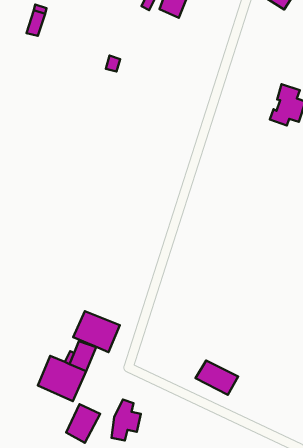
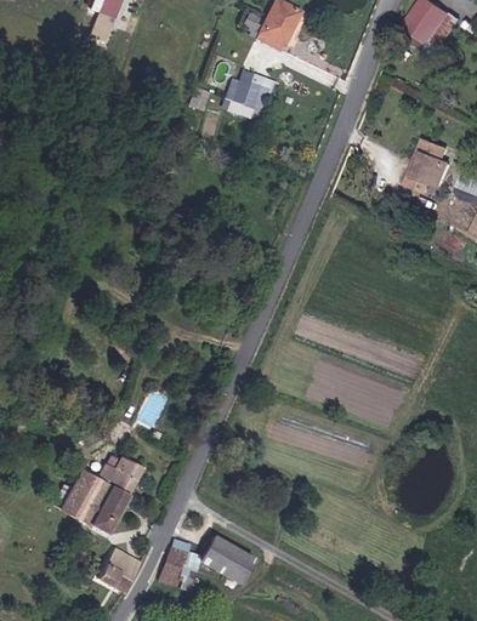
building: none -> [222,67,276,119]
building: [73,311,120,352] -> none
building: [195,361,238,395] -> [198,536,254,583]

